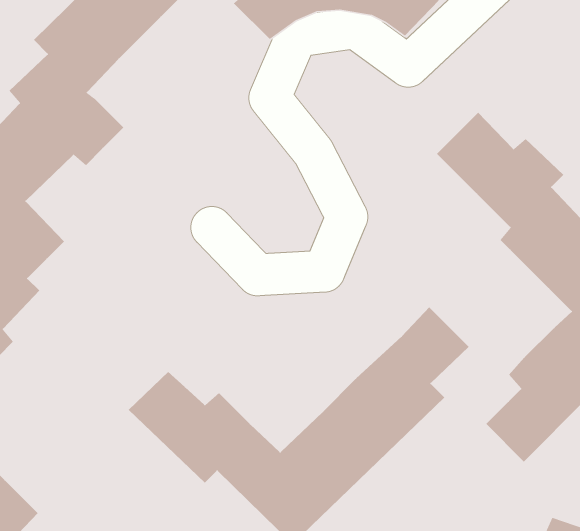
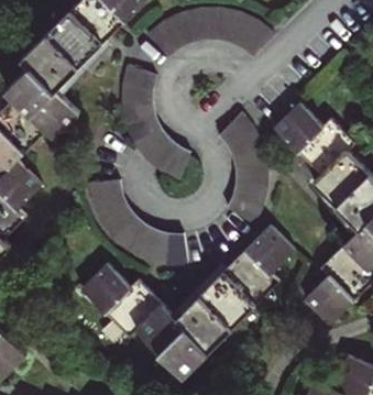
building: none -> [120,66,189,184]
building: none -> [222,111,270,226]
building: none -> [89,182,187,266]

